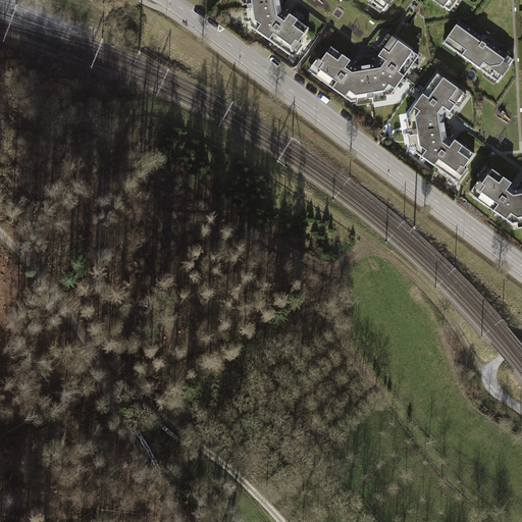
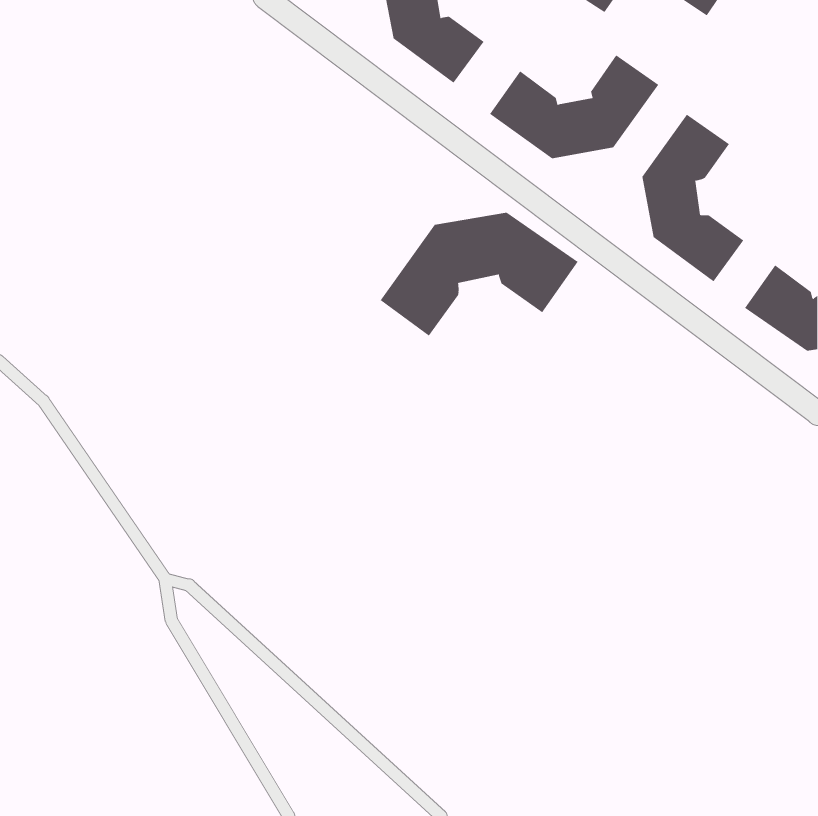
building: [443,20,512,80] -> none
building: none -> [380,212,578,337]

